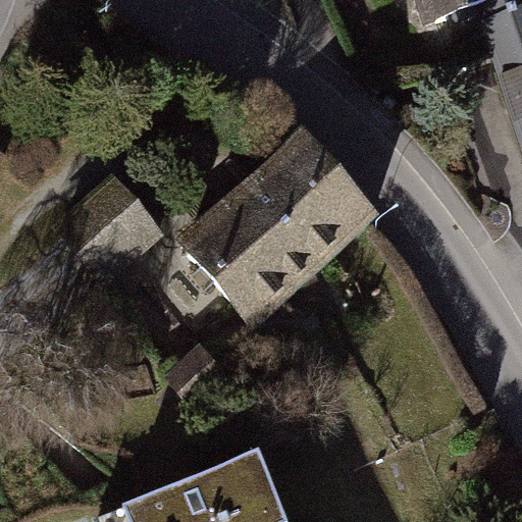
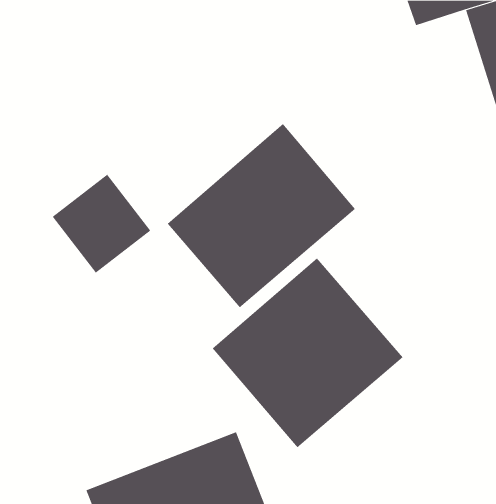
building: none -> [212,257,404,448]

